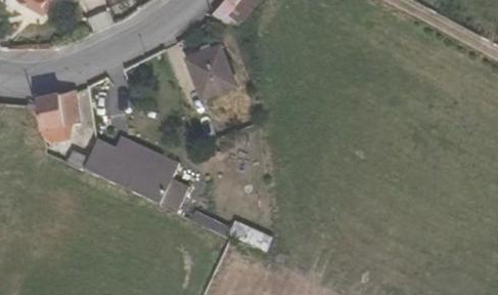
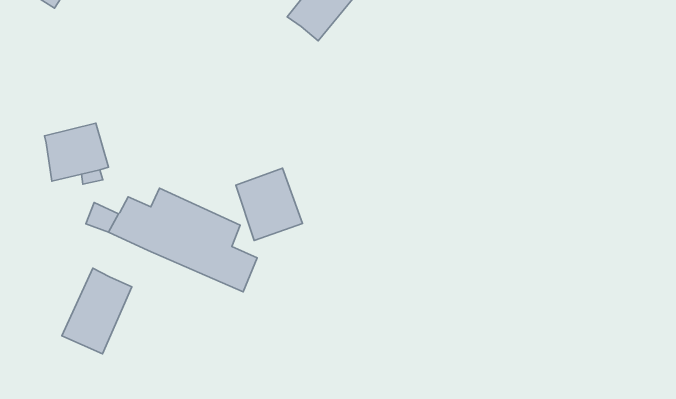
building: [185,46,233,98] -> [236,168,302,240]
building: none -> [62,268,132,354]

